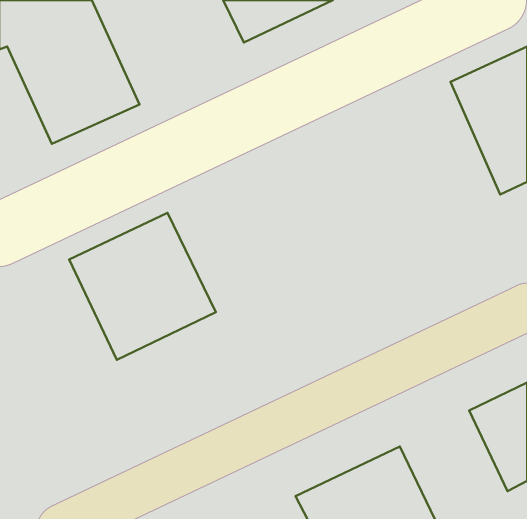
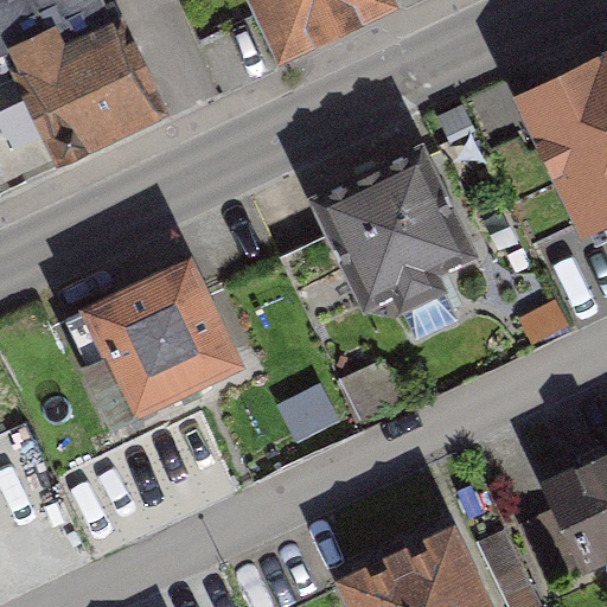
building: none -> [320,160,472,312]

